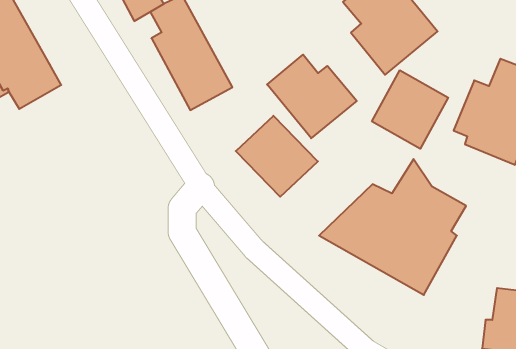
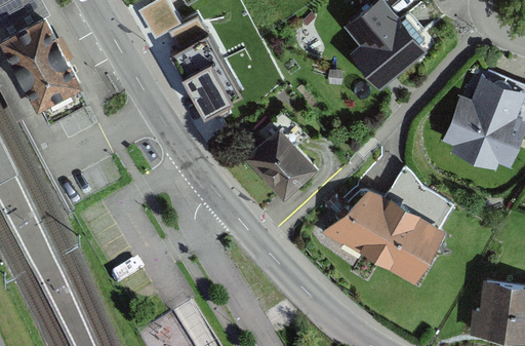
building: [267,55,357,138] -> none
building: [372,70,448,149] -> none

